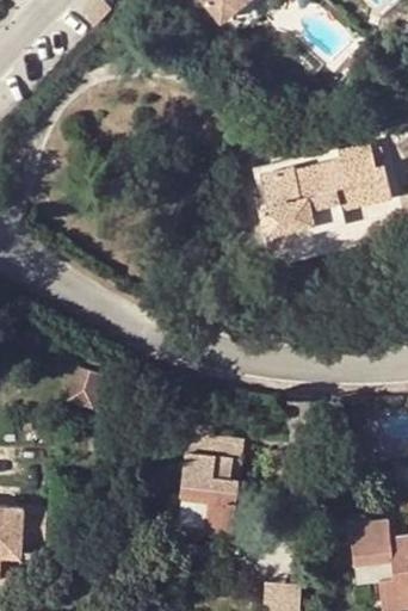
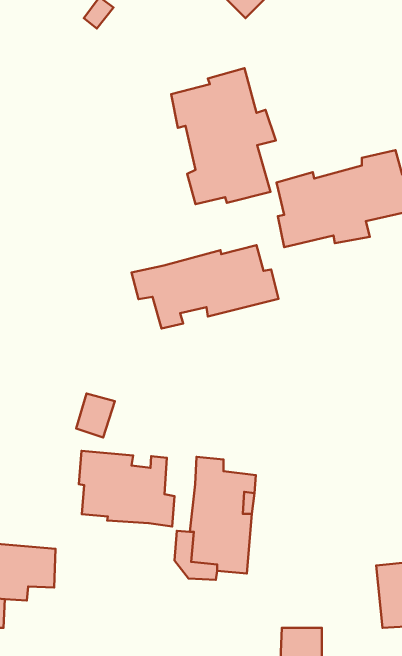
building: none -> [171,68,276,204]
building: none -> [131,245,278,328]
building: none -> [79,451,175,526]

